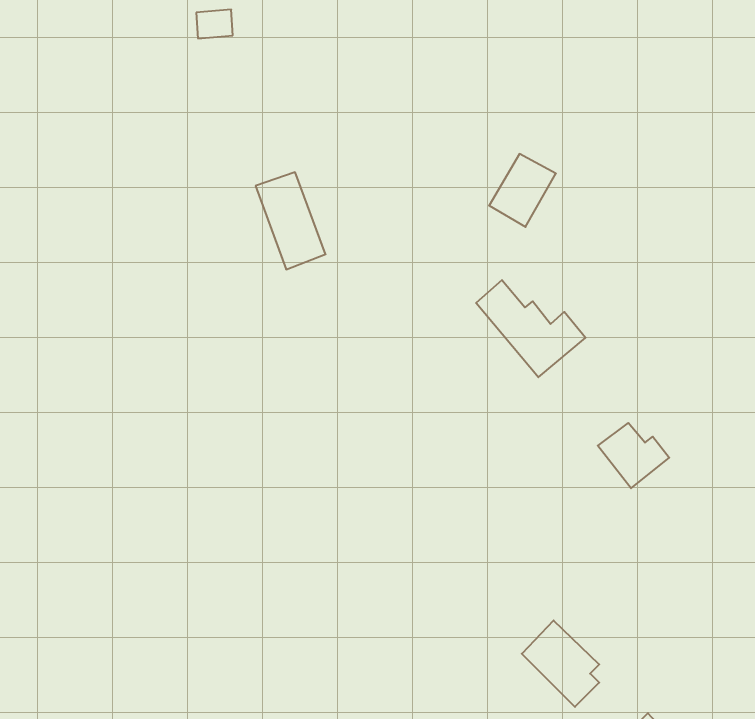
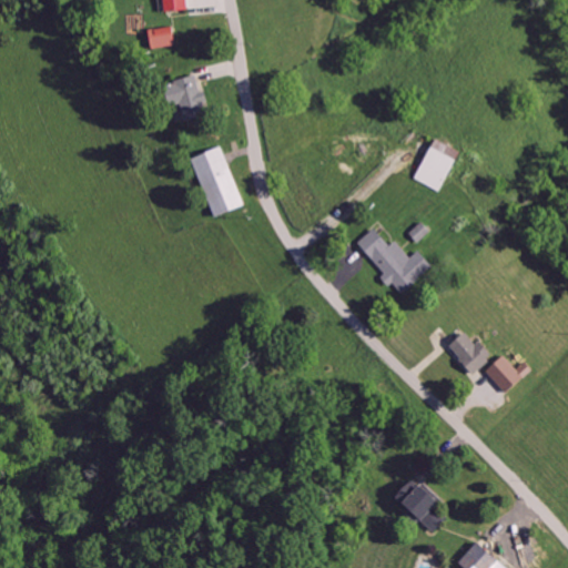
building: none -> [161,72,207,122]
building: [489,154,556,227] -> [412,140,460,193]
building: none -> [488,355,526,394]

